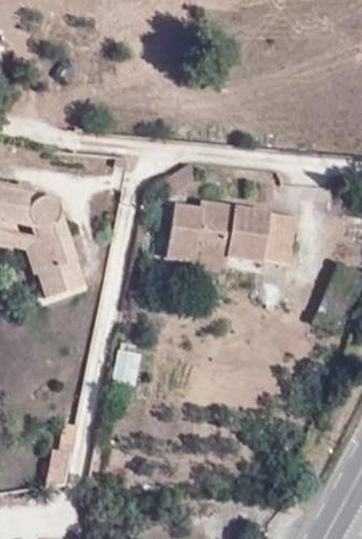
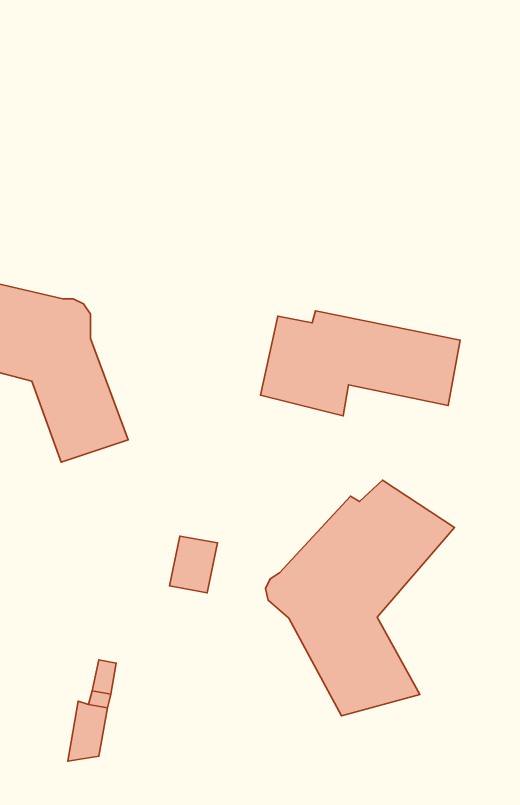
building: none -> [266,480,454,716]

